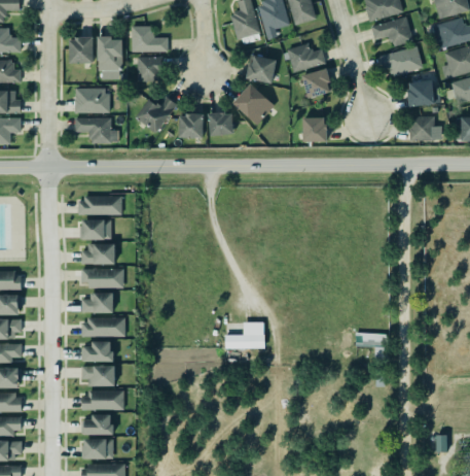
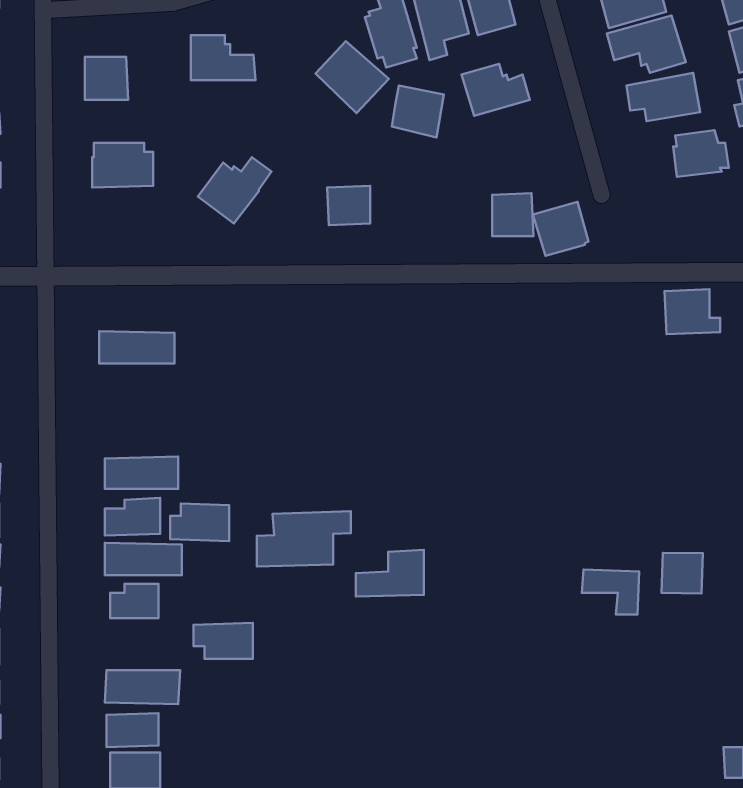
building: [99,37,122,79] -> none
building: [138,57,162,82] -> none
building: [300,68,332,99] -> [533,202,588,256]
building: [233,83,276,125] -> [315,41,389,113]
building: [178,114,203,139] -> none
building: [409,115,441,141] -> [665,289,720,334]
building: [74,116,118,143] -> none
building: [79,217,110,237] -> none
building: [81,243,115,265] -> [170,503,229,541]
building: none -> [257,511,351,567]
building: none -> [662,553,703,593]
building: [81,365,115,385] -> [194,623,253,659]

